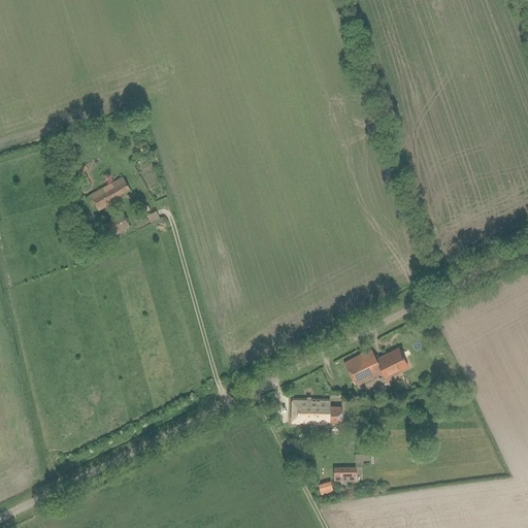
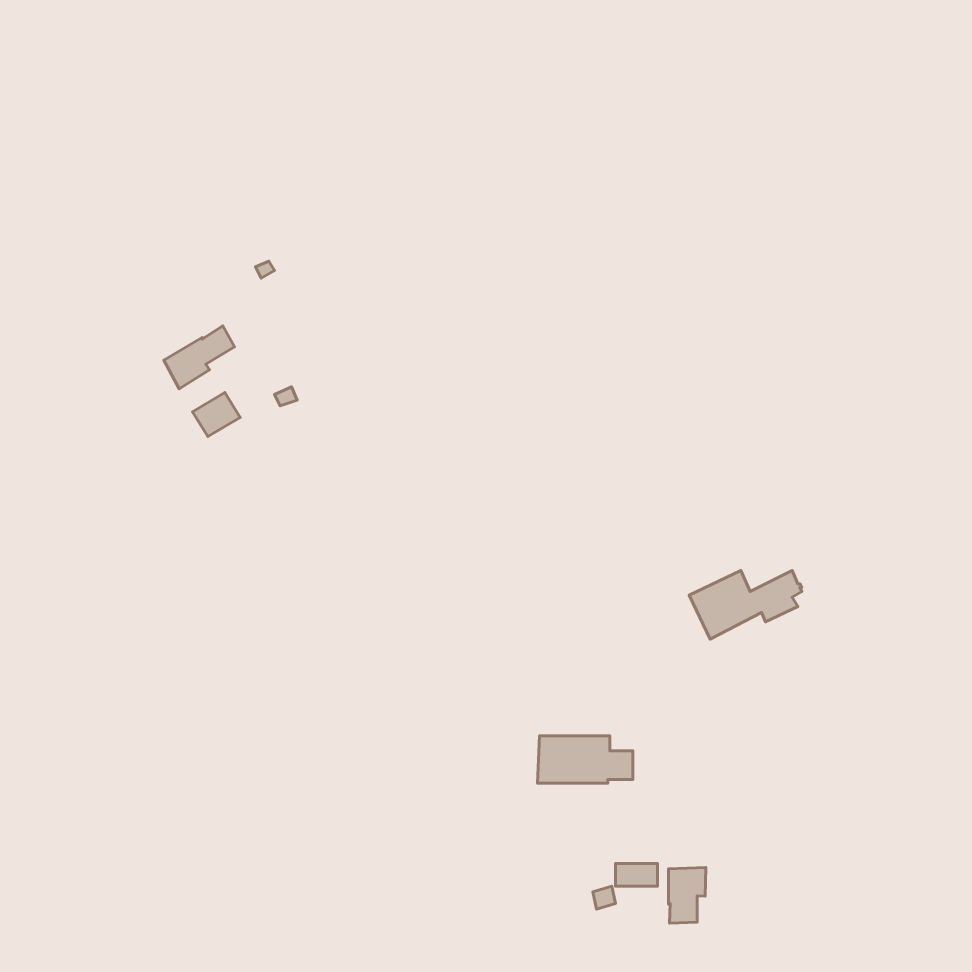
building: [343,349,404,386] -> [689,570,802,639]
building: none -> [668,868,706,923]

